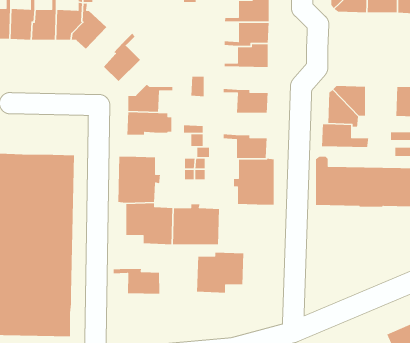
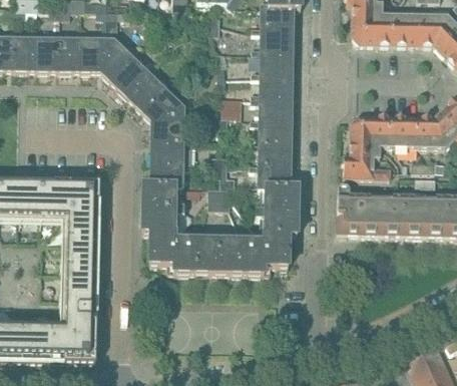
building: none -> [111,47,147,96]
building: none -> [143,89,197,124]
building: none -> [248,96,292,121]
building: none -> [388,115,418,145]
building: none -> [247,141,291,166]
building: none -> [151,161,192,185]
building: [196,252,244,293] -> [243,233,290,274]
building: [113,268,160,295] -> none

